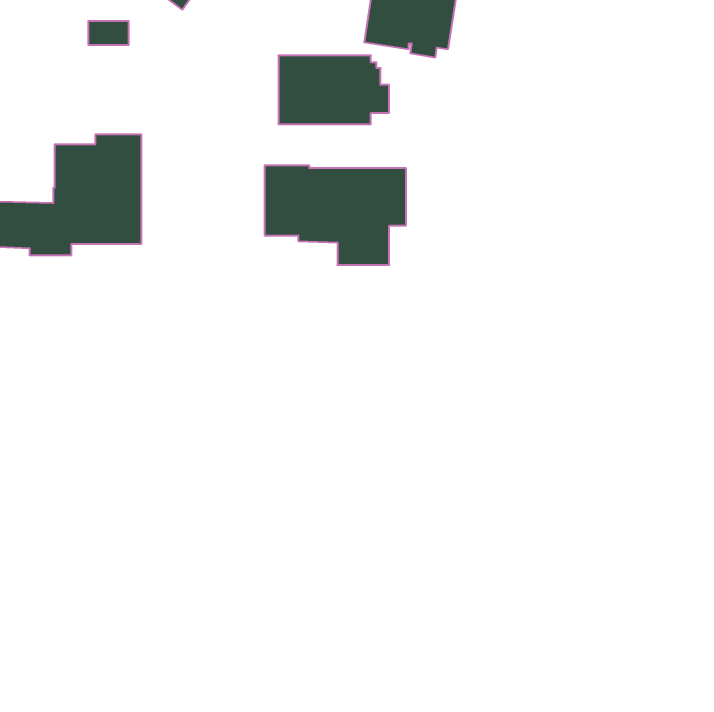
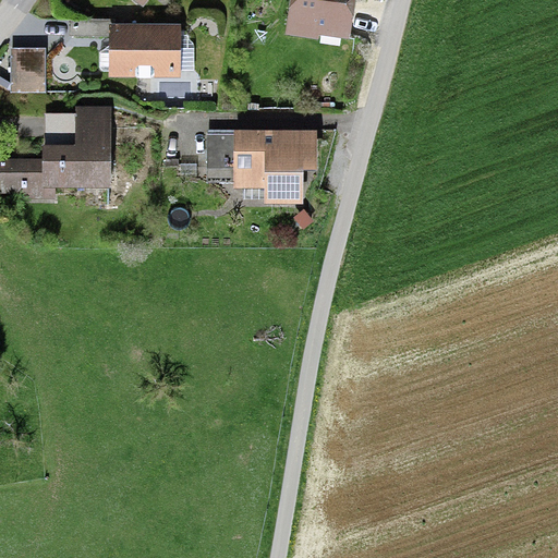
building: [278,55,389,124] -> [108,24,194,77]
building: none -> [9,47,46,90]

